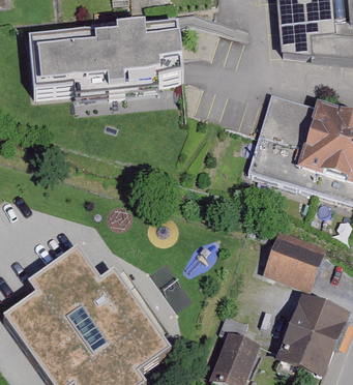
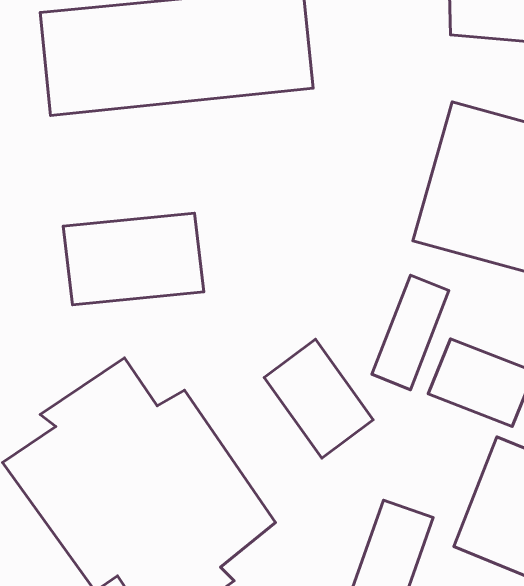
building: none -> [63,213,204,305]
building: none -> [372,275,449,390]
building: none -> [264,339,373,458]

